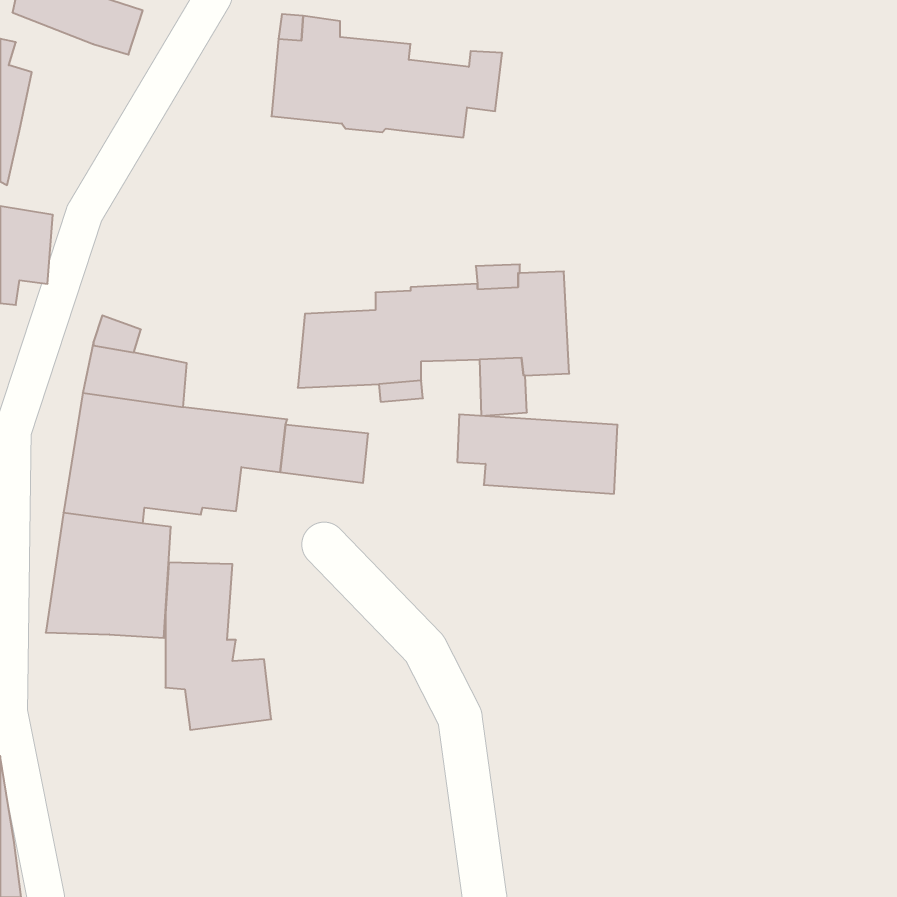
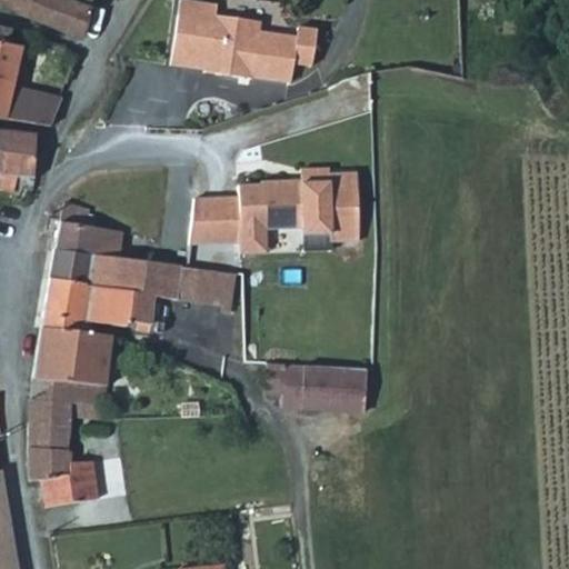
building: none -> [7,82,63,126]
building: [457,414,618,494] -> [267,361,368,411]
building: [165,562,271,730] -> [29,399,96,505]

